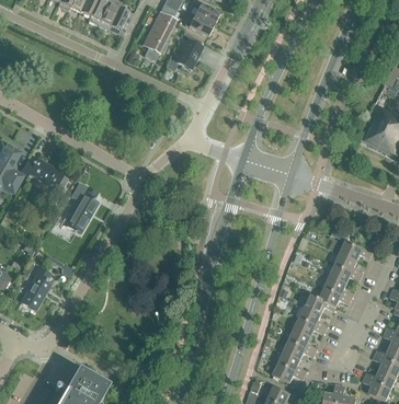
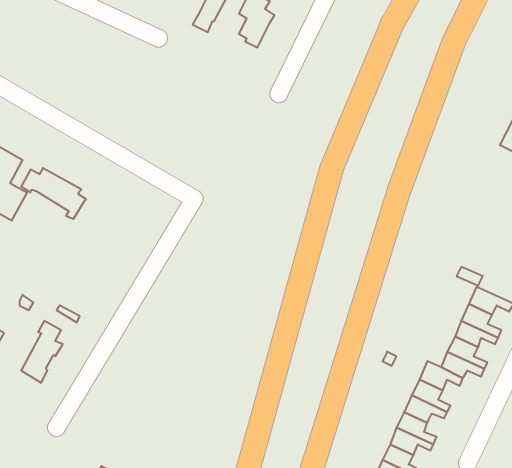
building: [64,182,98,232] -> none

